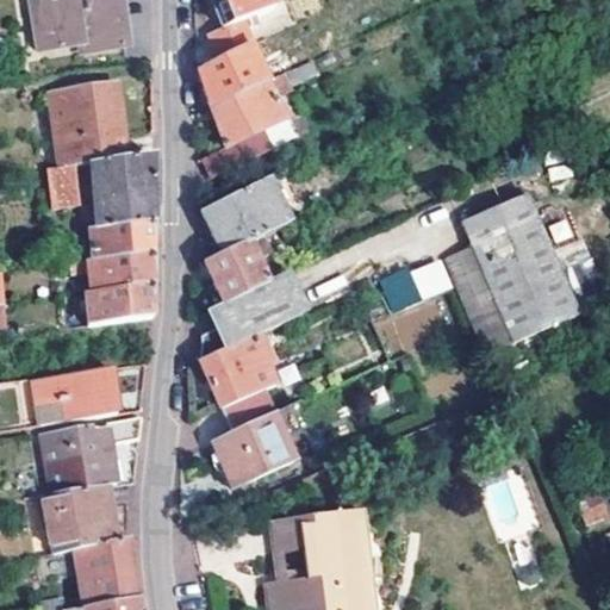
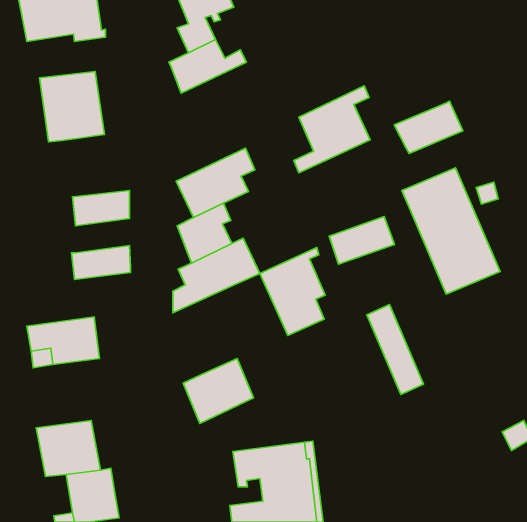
building: [205,71,293,172] -> [294,86,370,173]
building: none -> [394,101,463,154]
building: [88,151,151,225] -> none
building: [44,162,76,205] -> none
building: [450,247,516,350] -> [367,304,424,394]
building: [68,251,151,291] -> none
building: [201,330,276,431] -> [260,248,325,336]
building: [43,416,142,487] -> none

